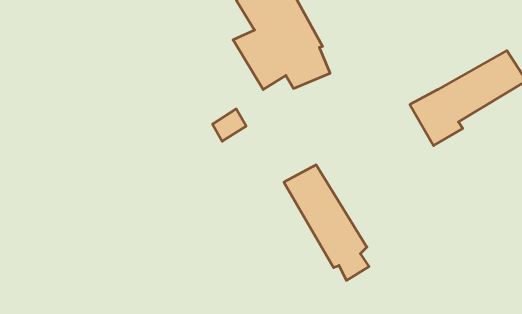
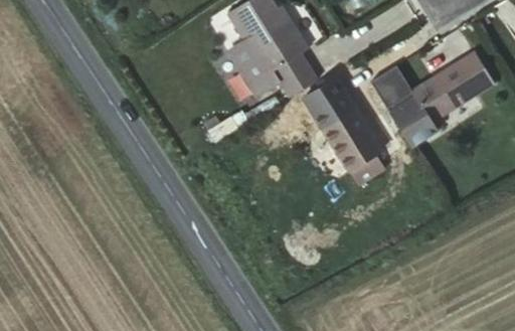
building: none -> [371,64,412,107]
building: [284,165,369,280] -> [308,77,387,185]

